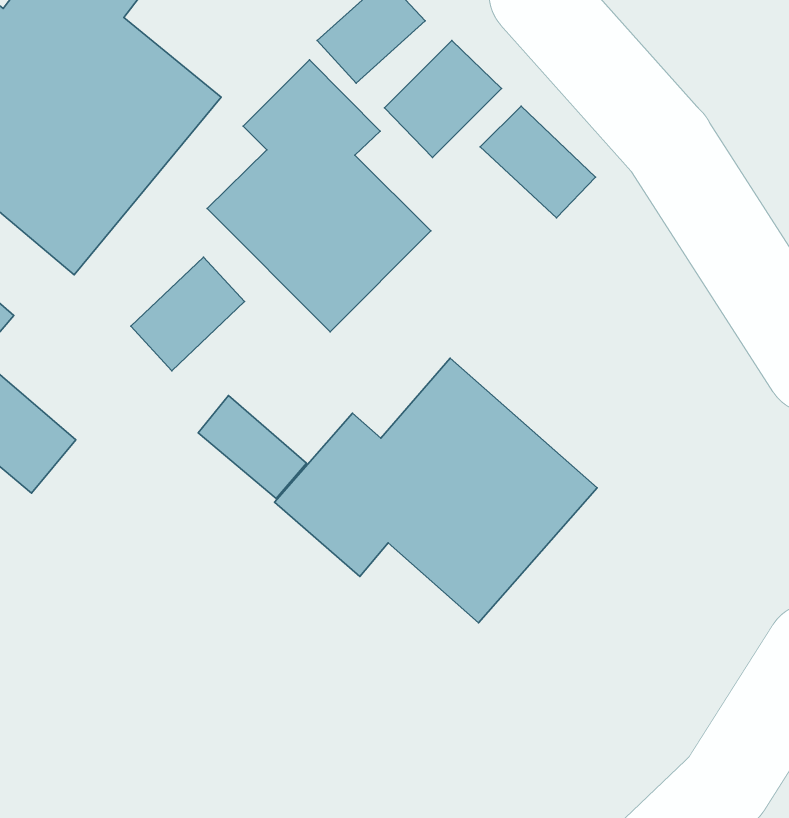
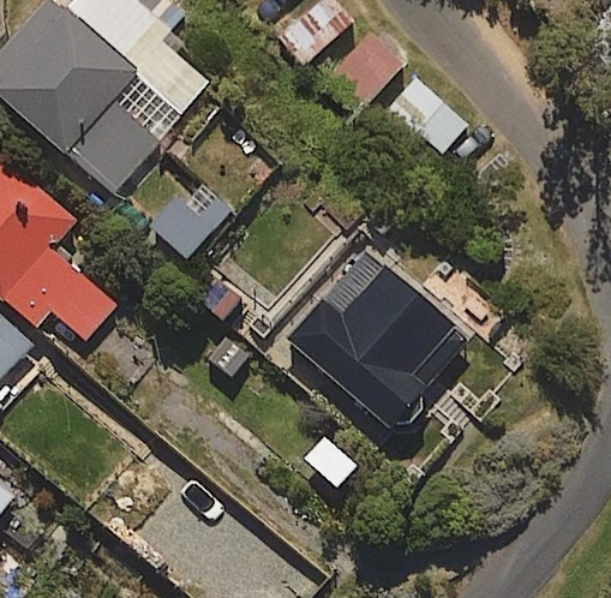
building: [207,60,431,332] -> none

